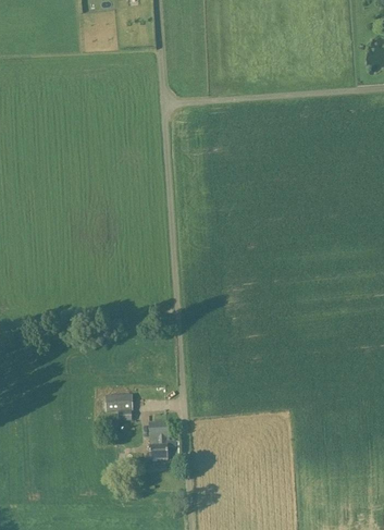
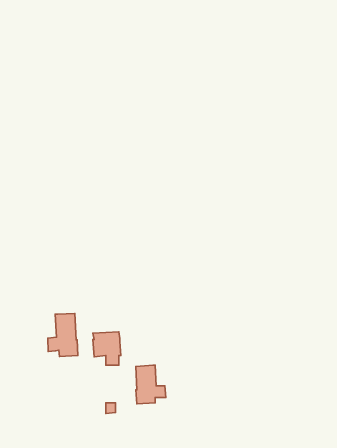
building: none -> [48,313,78,356]

